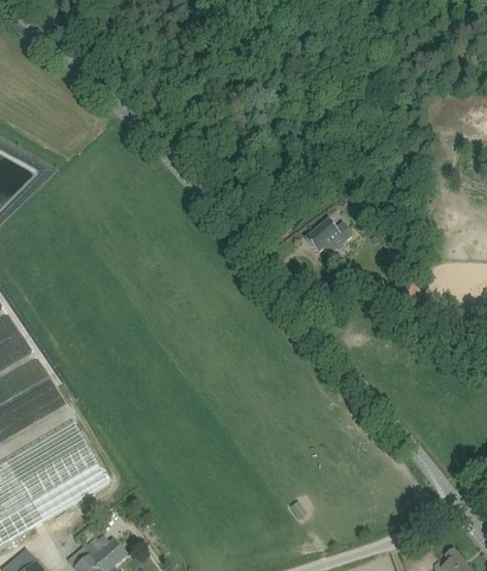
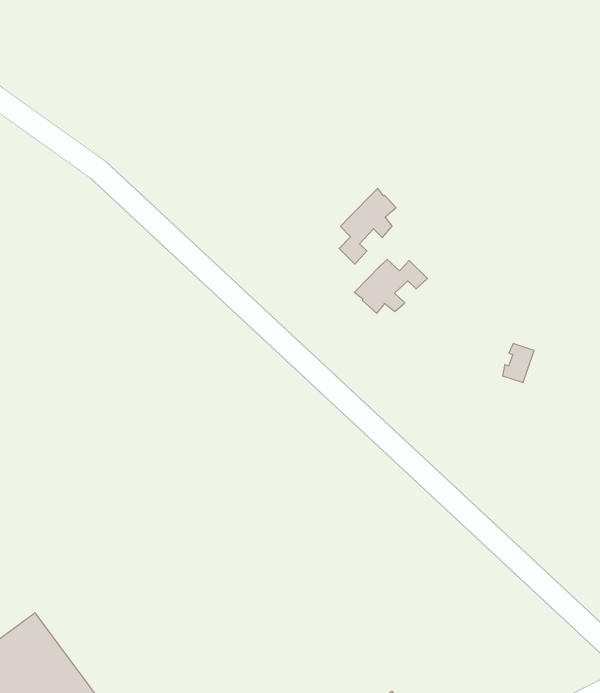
building: none -> [339,188,396,264]

